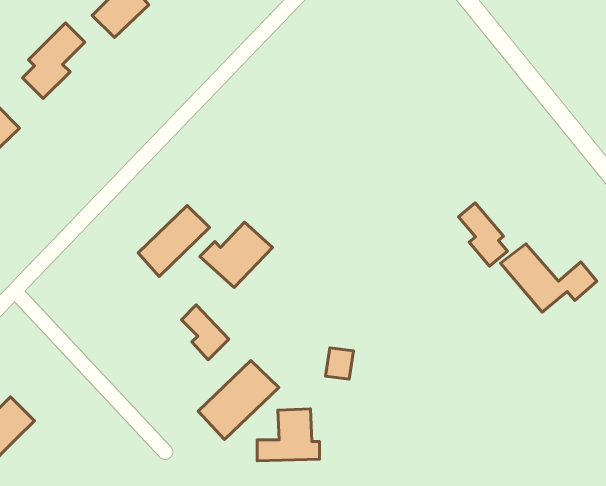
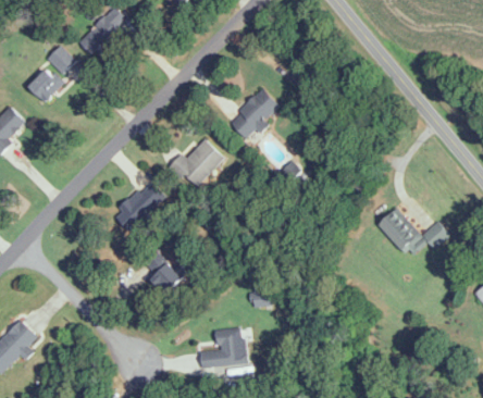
building: none -> [227,88,278,139]
building: [459,203,507,266] -> none
building: [200,222,273,288] -> [171,139,224,187]
building: [198,361,279,439] -> none

